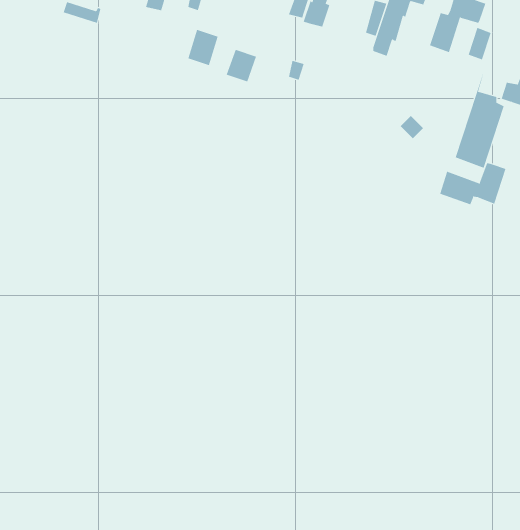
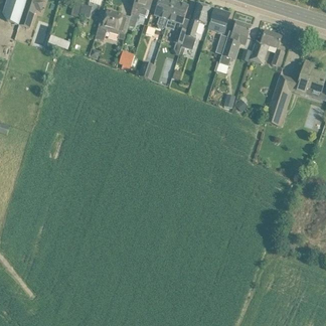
building: [439,162,506,205] -> none

